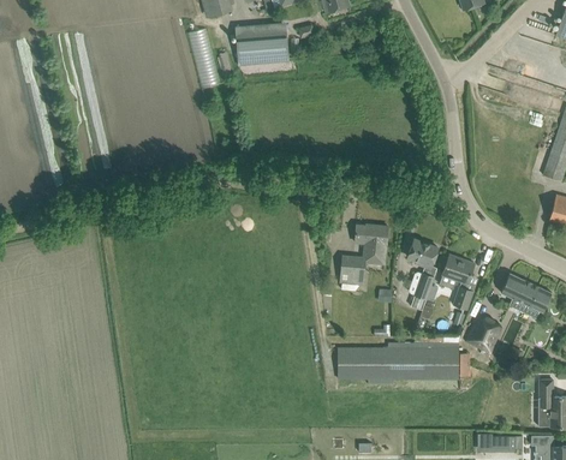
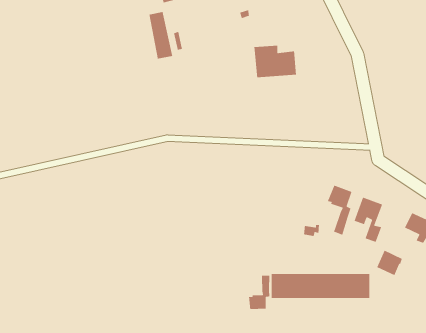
building: [236,24,288,65] -> [254,45,297,78]
building: [338,225,388,286] -> none
building: none -> [248,275,270,310]

